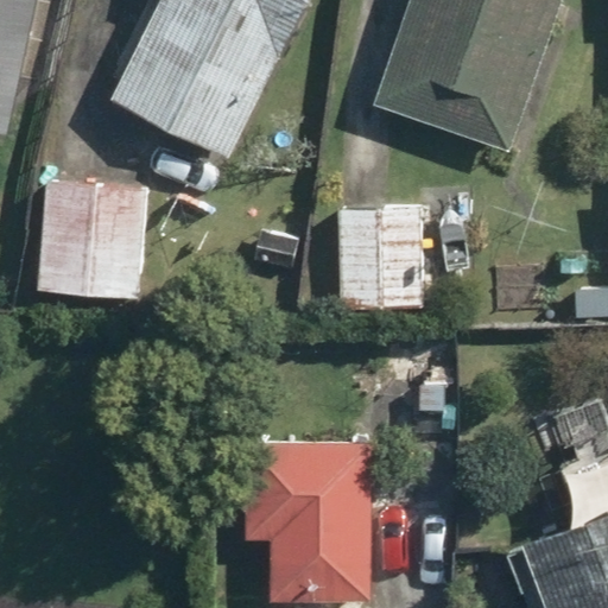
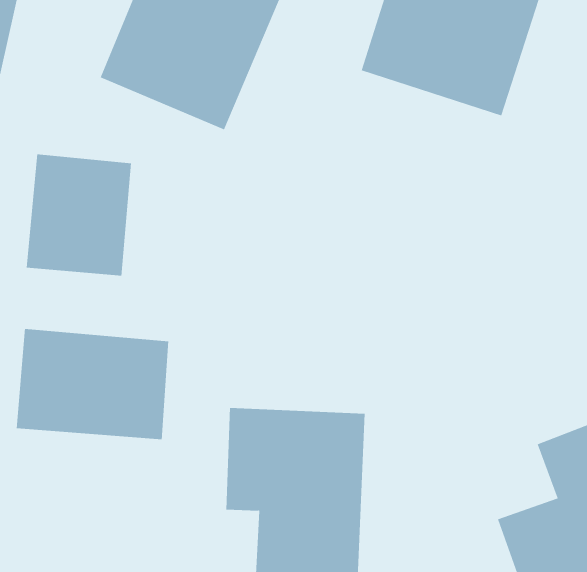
building: [323,205,426,315] -> none
building: none -> [16,328,169,440]

